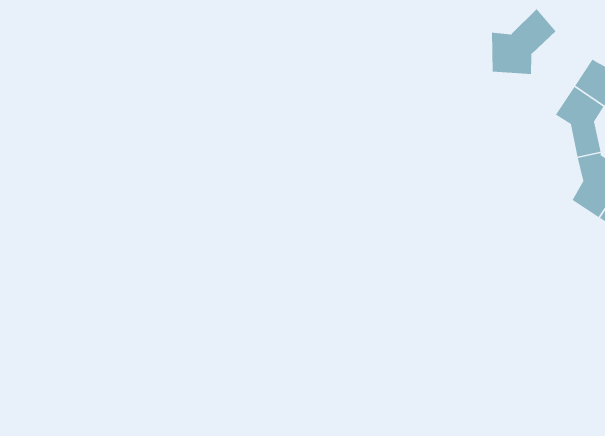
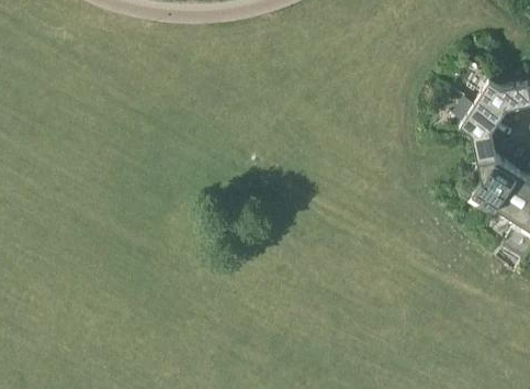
building: [491,8,556,75] -> none

